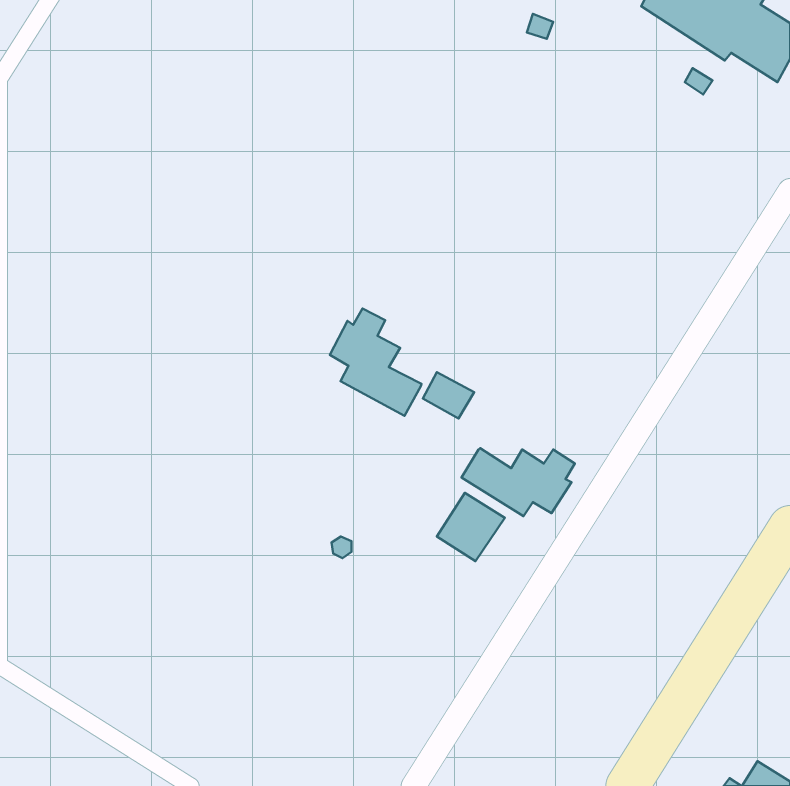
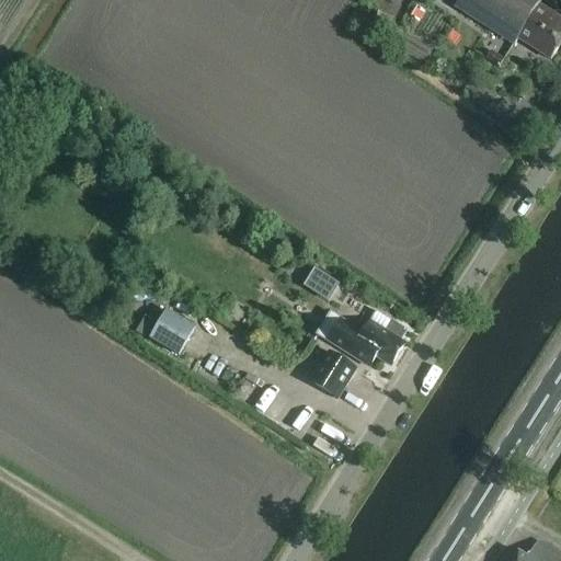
building: [330,308,421,416] -> none
building: none -> [150,310,192,352]

